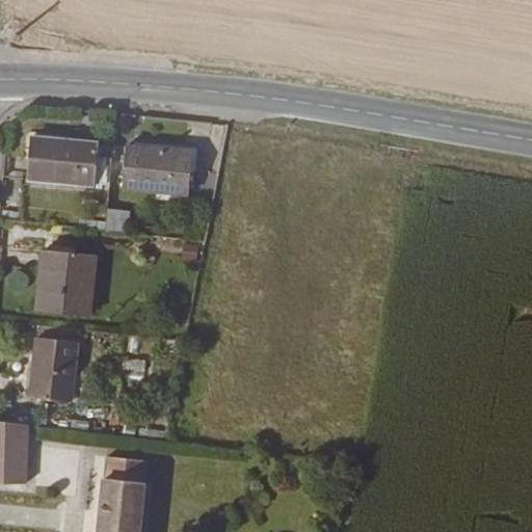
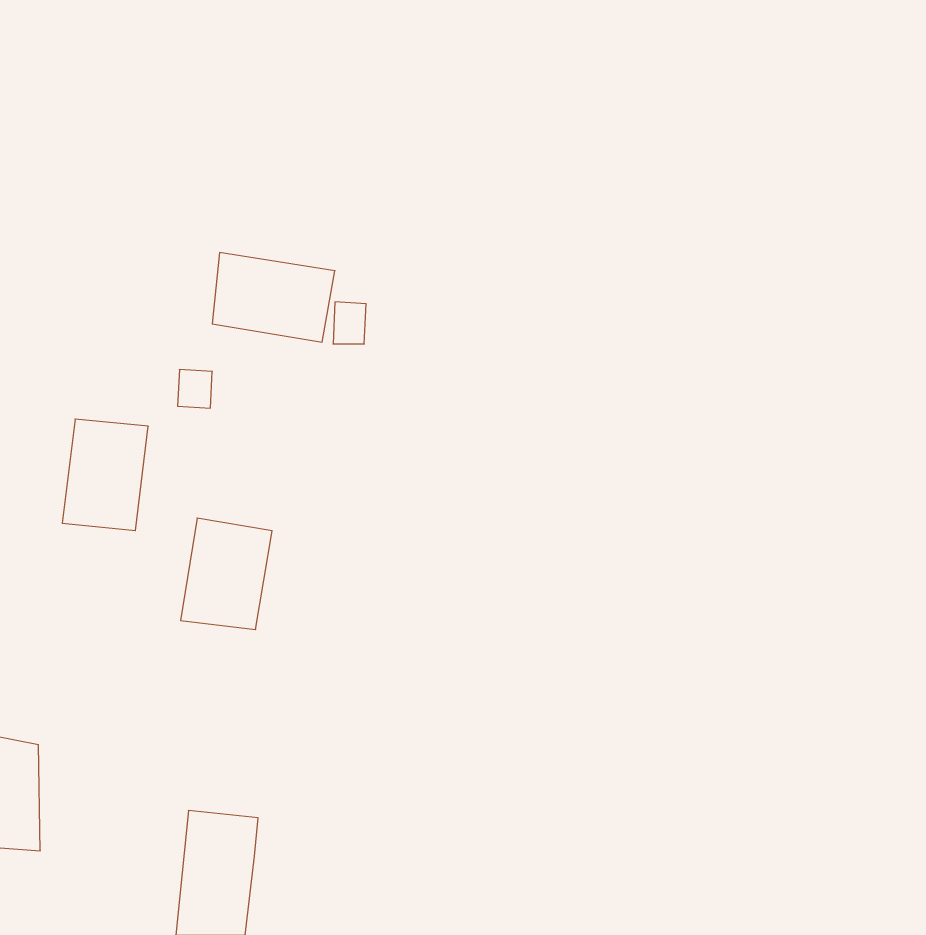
building: [38,137,95,187] -> none
building: [31,338,83,401] -> [181,518,272,630]

